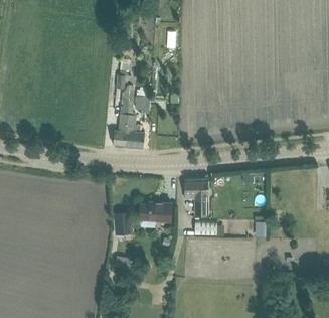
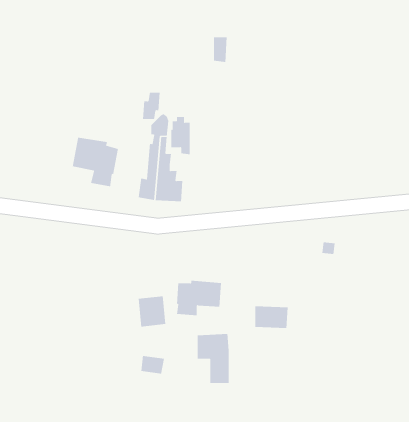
building: none -> [72,137,119,187]
building: [185,181,208,216] -> [197,334,230,383]

